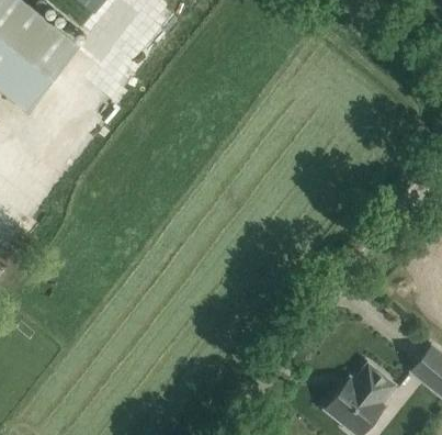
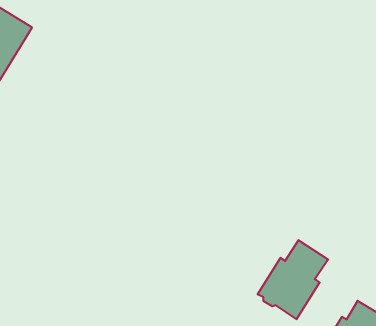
building: none -> [258,240,328,319]

